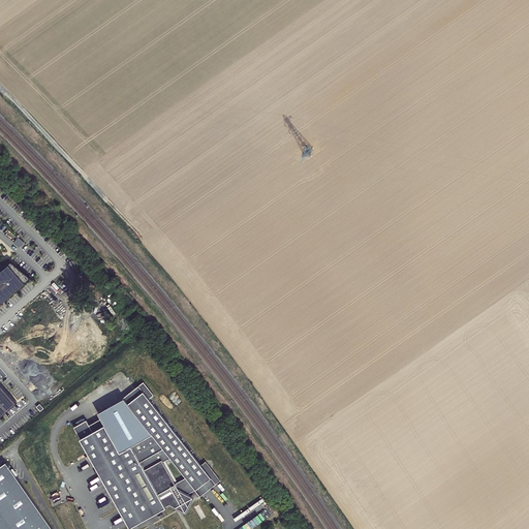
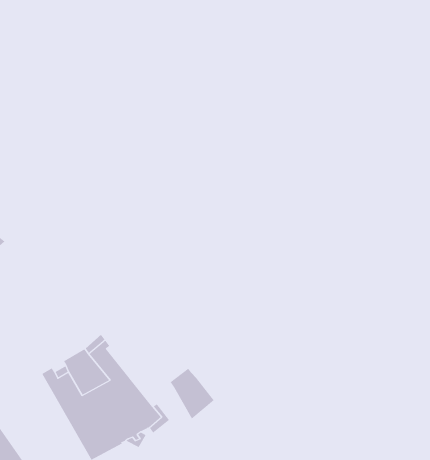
building: none -> [170,368,215,419]

